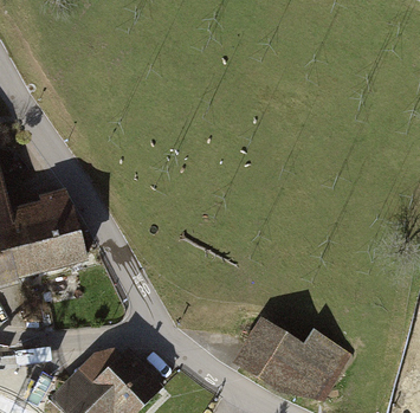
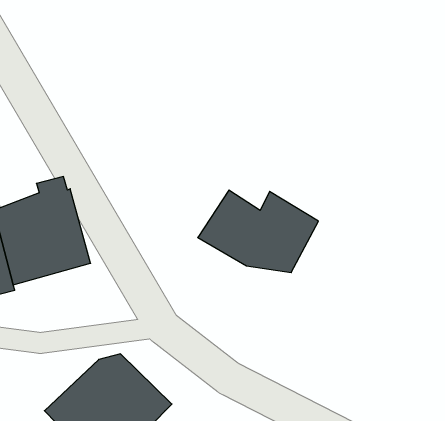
building: [235,320,341,392] -> [198,190,318,273]

